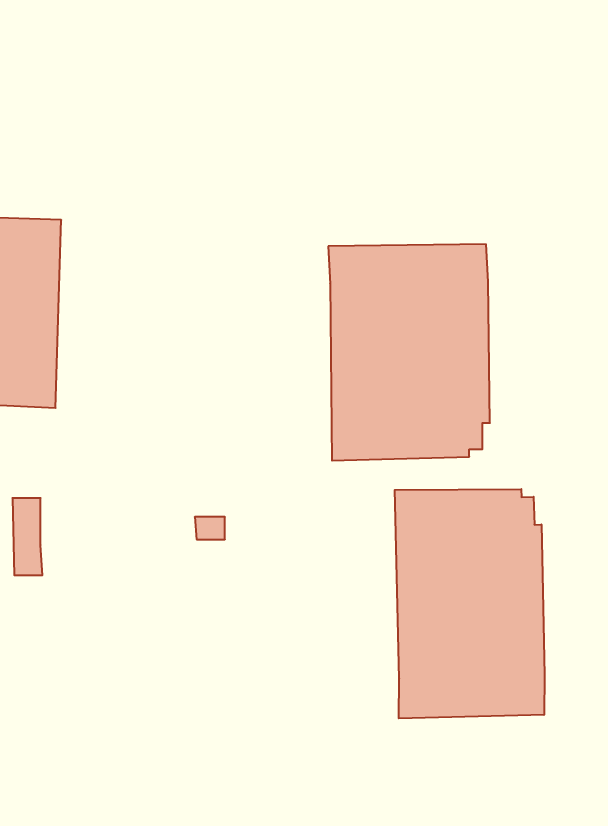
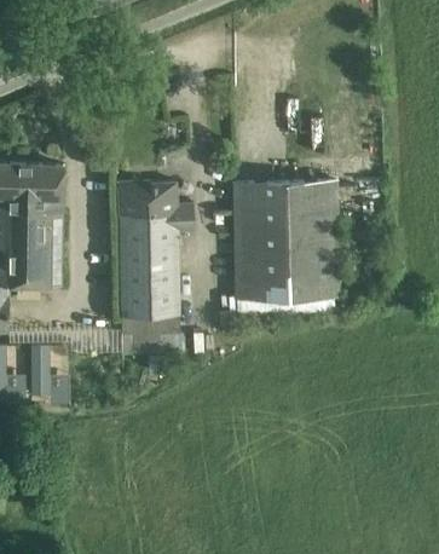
building: none -> [117,179,193,353]
building: [395,489,545,718] -> none

